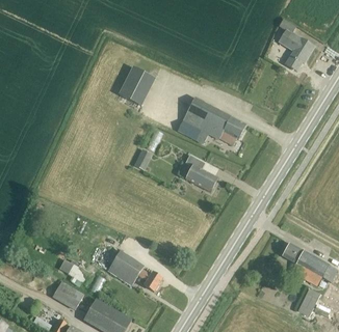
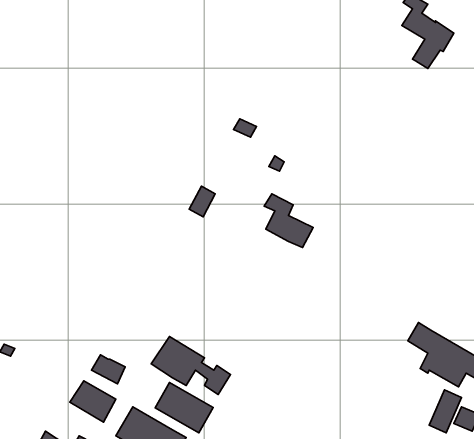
building: [118,66,155,105] -> none
building: [182,96,245,144] -> none
building: none -> [155,382,213,433]

